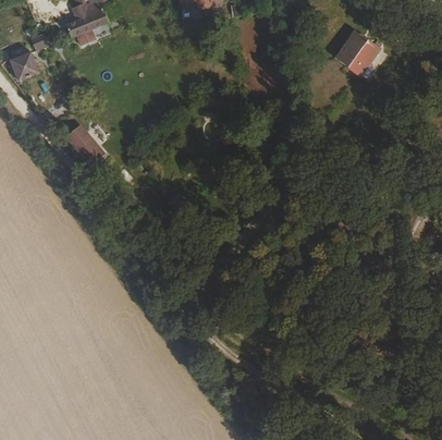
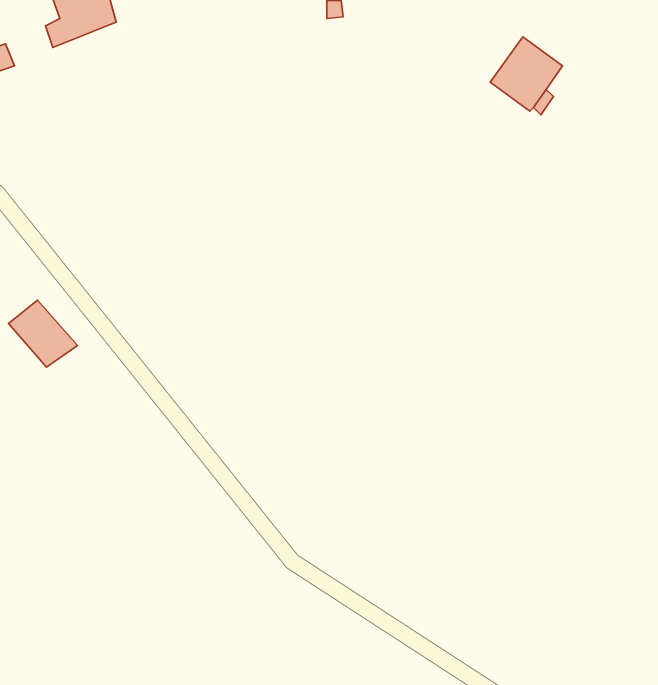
building: [63,129,105,169] -> [8,300,77,367]

